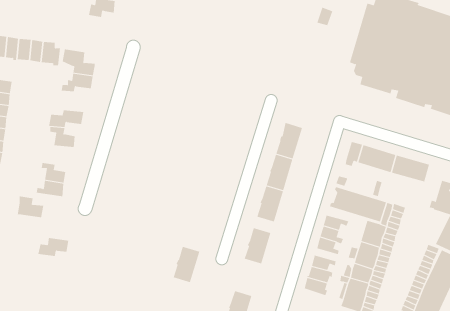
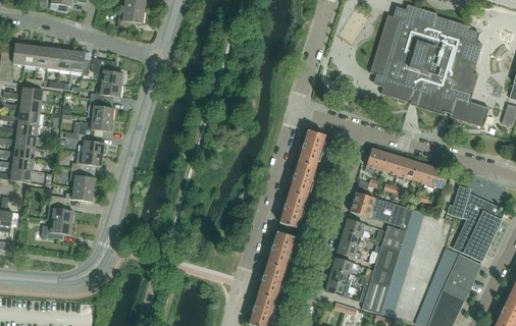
building: none -> [89,99,114,119]
building: none -> [72,151,104,170]
building: [38,237,69,256] -> [42,219,72,237]
building: [173,246,200,283] -> [259,262,286,297]

